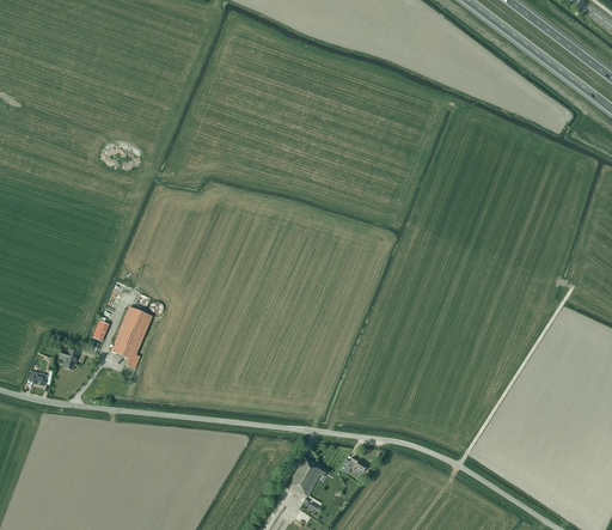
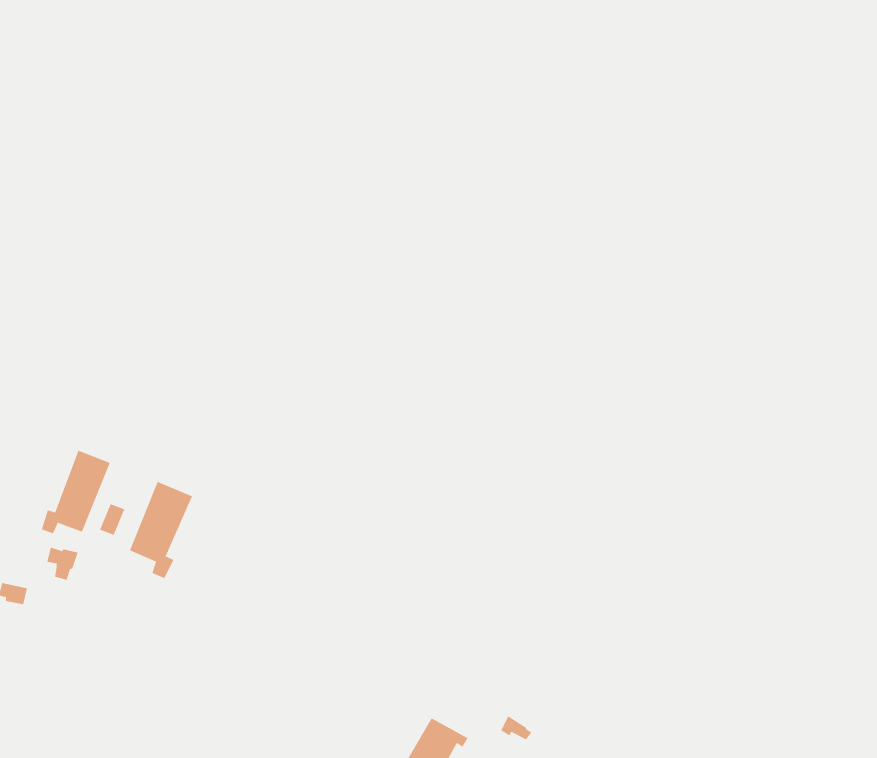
building: none -> [41,450,110,534]

